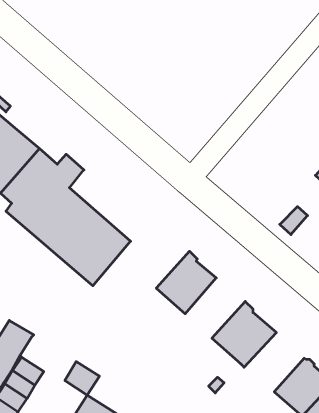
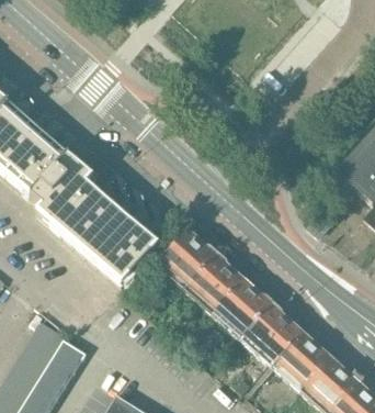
building: none -> [157,230,218,289]
building: none -> [214,279,273,338]
building: none -> [272,333,331,391]
building: [65,362,99,395] -> [53,338,87,371]

